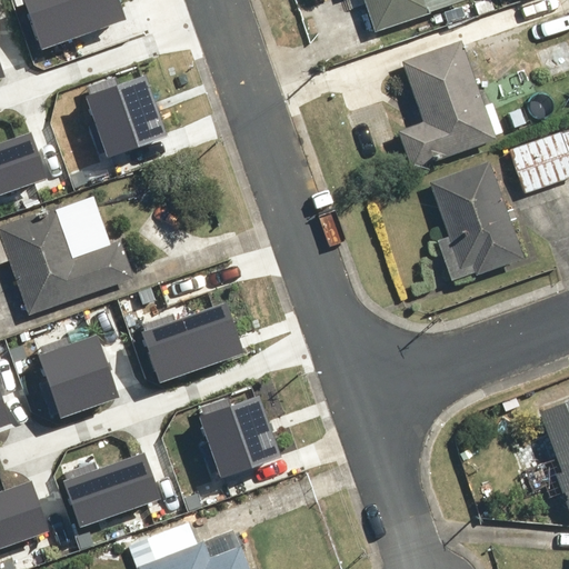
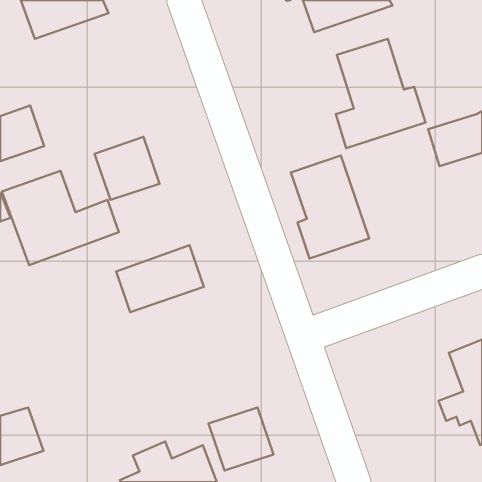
building: [89,74,166,149] -> [94,137,159,200]
building: [423,166,516,287] -> [291,156,369,258]
building: [41,337,118,411] -> none
building: [201,397,278,471] -> [208,407,274,471]
building: [62,447,164,525] -> none

